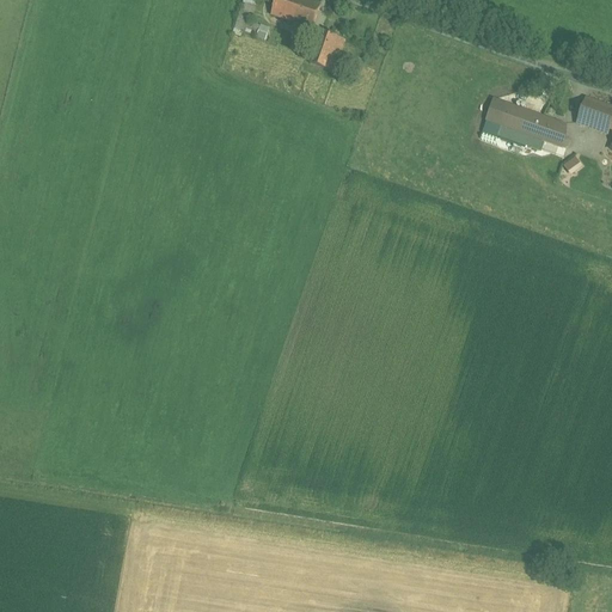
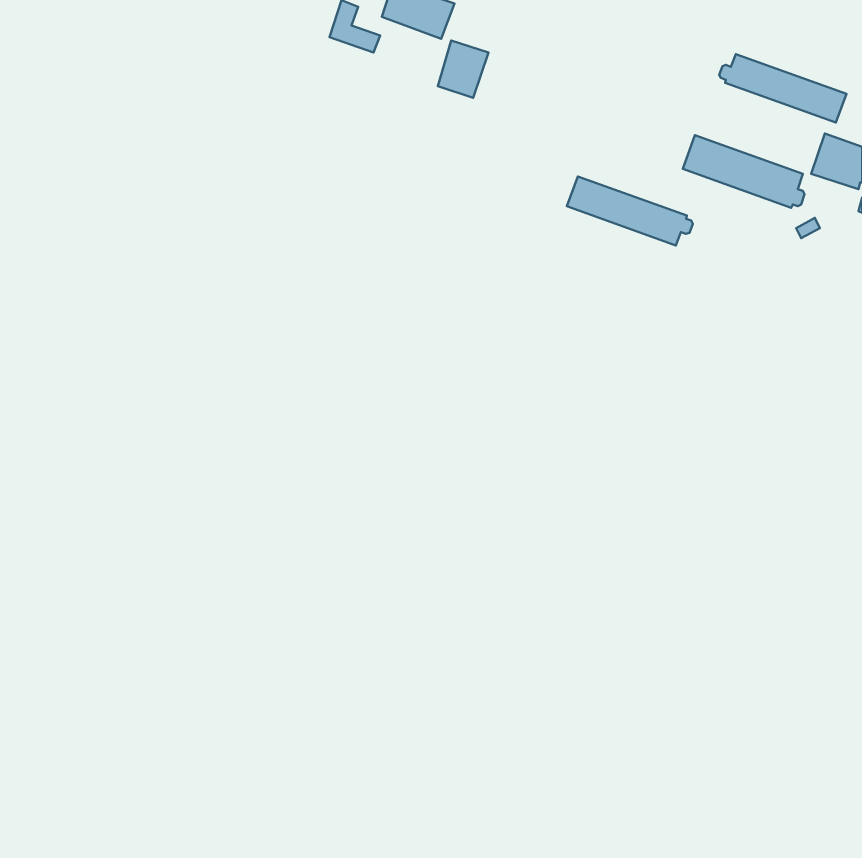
building: none -> [719,54,847,123]
building: none -> [567,176,693,245]

